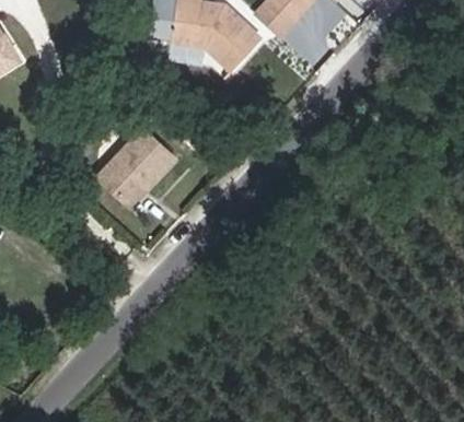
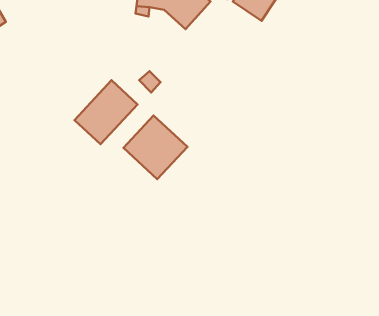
building: none -> [123,115,187,179]

